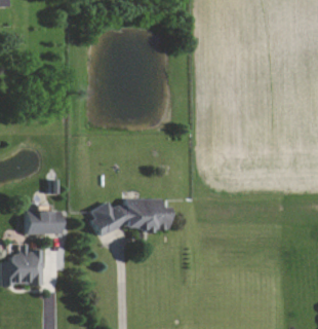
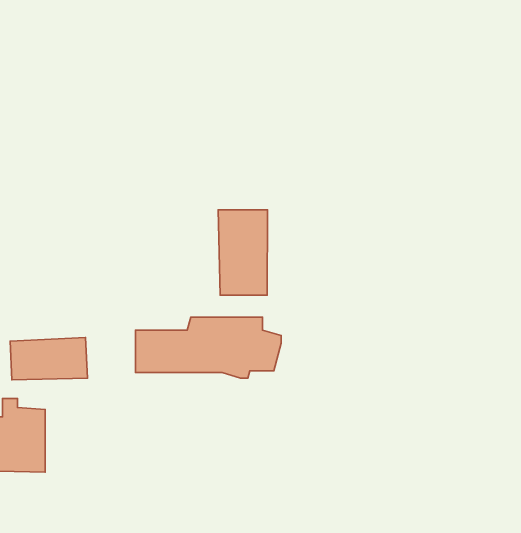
building: none -> [218,210,267,295]

